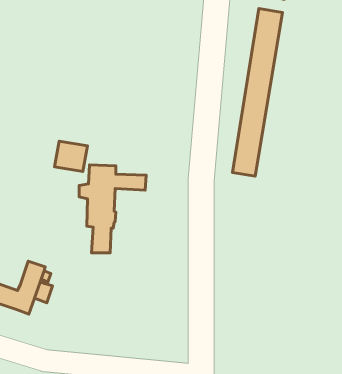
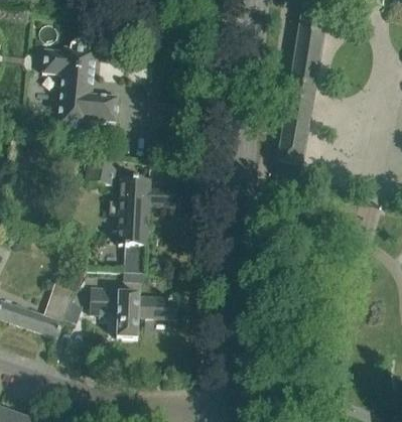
building: none -> [41,37,118,129]
building: none -> [90,287,177,338]

